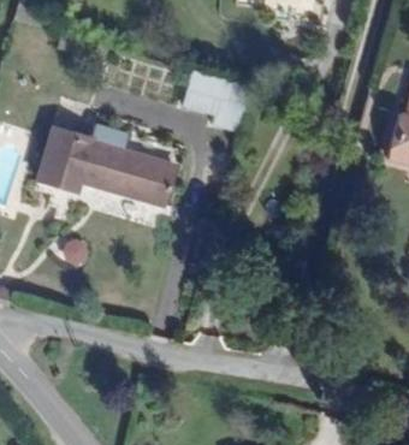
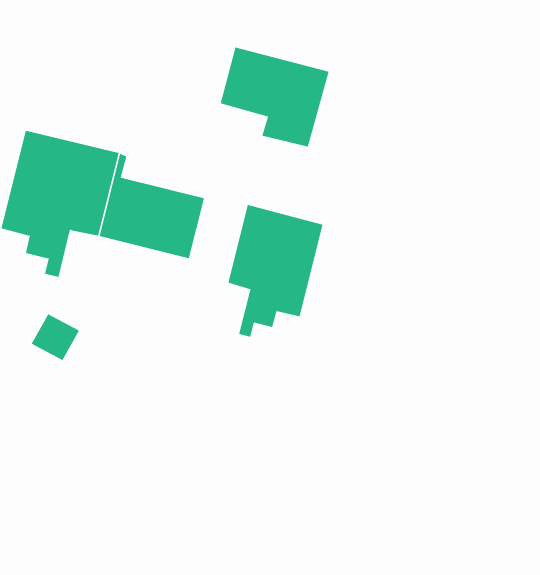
building: none -> [228,204,323,338]

